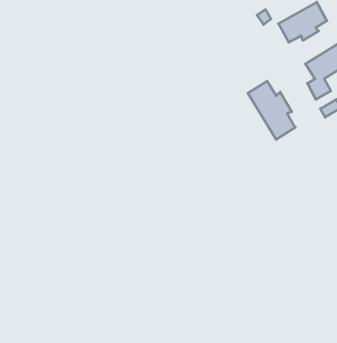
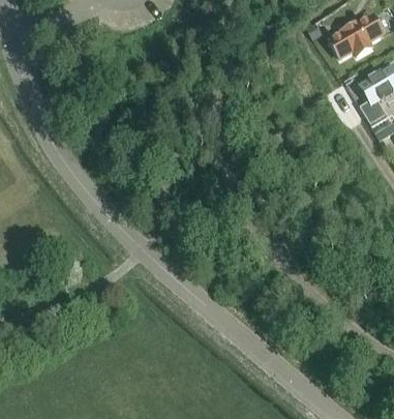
building: [248,81,295,139] -> none

